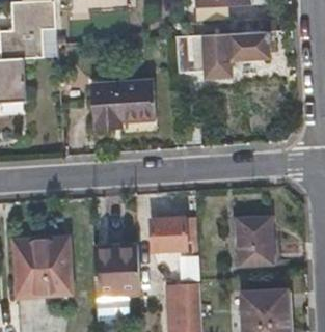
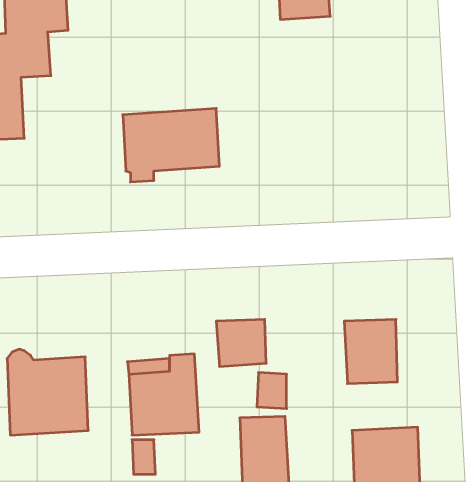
building: [179,31,271,78] -> none

